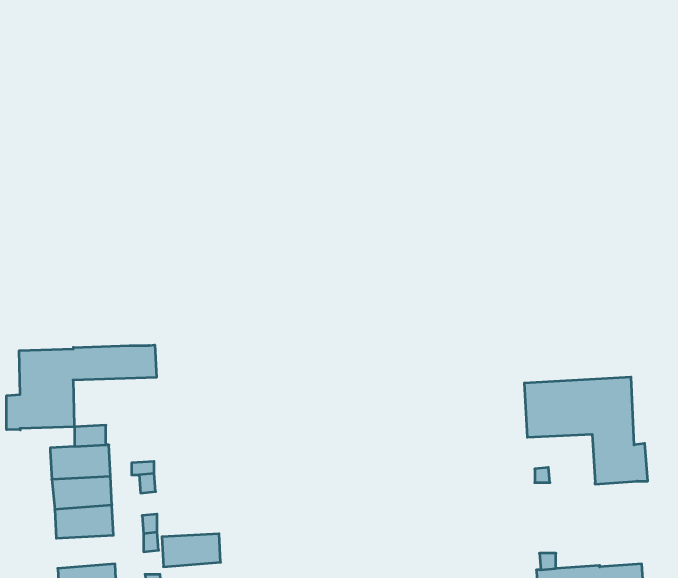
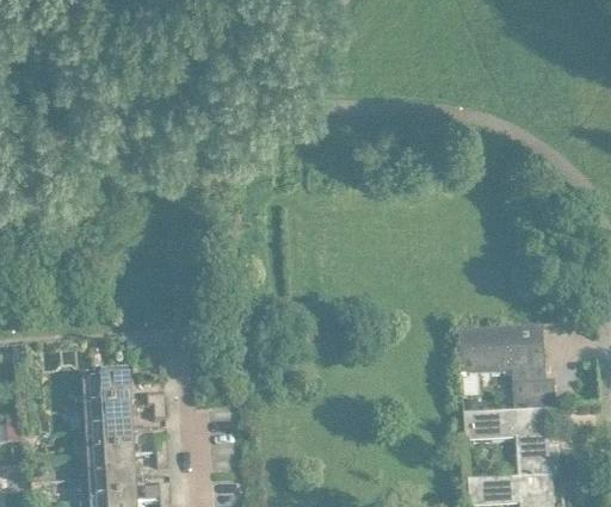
building: [7,345,156,430] -> none
building: none -> [463,407,560,475]
building: [162,534,221,567] -> [87,450,134,476]

